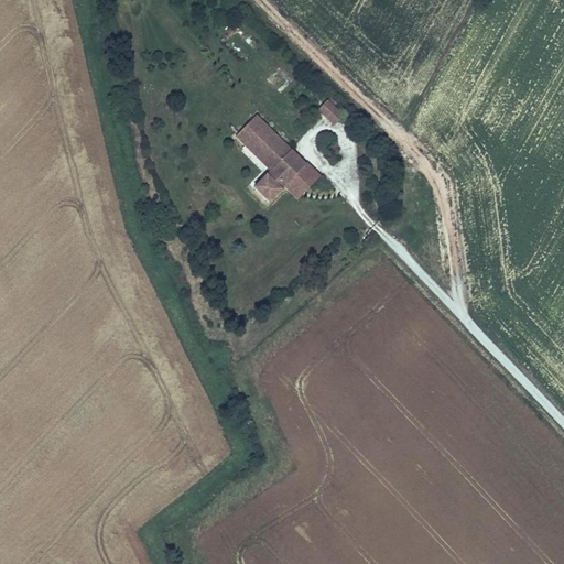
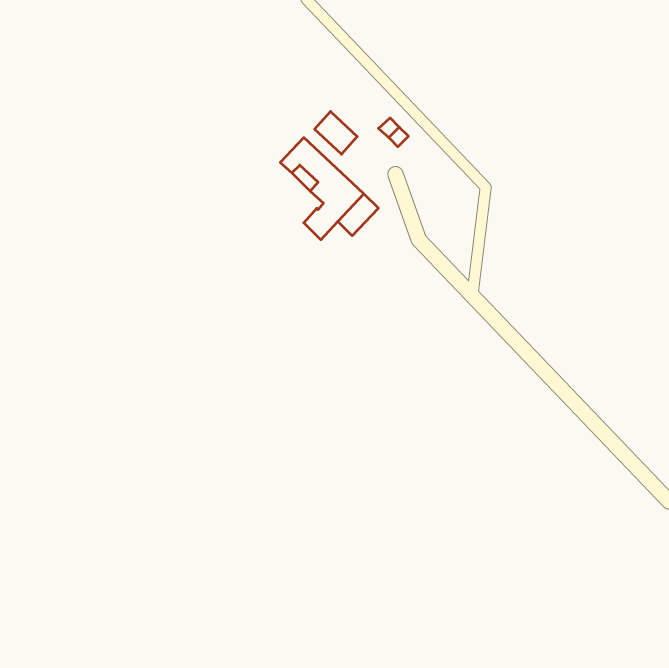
building: none -> [315,111,357,154]

